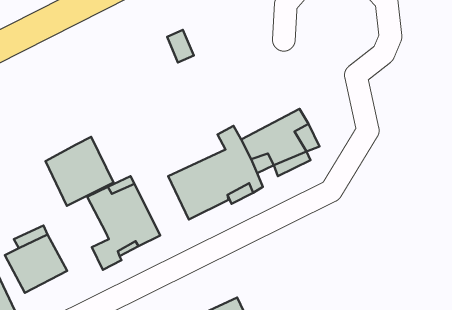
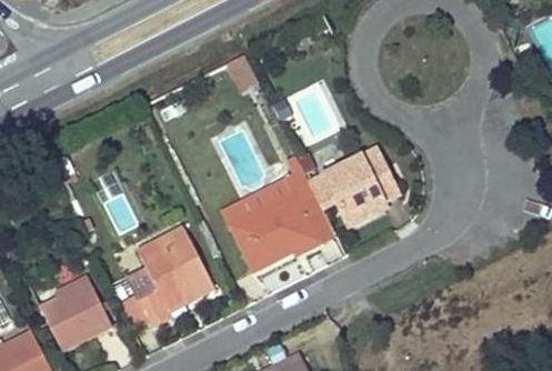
building: [45,137,113,206] -> none

